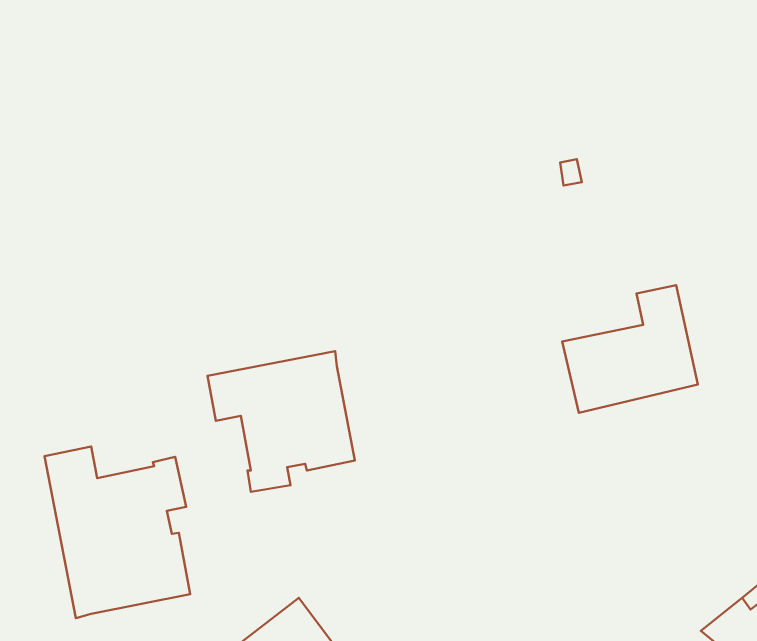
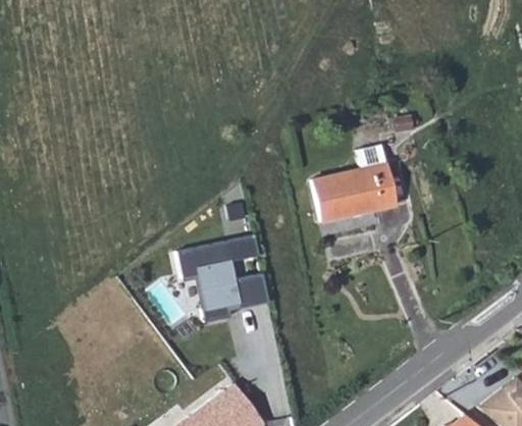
building: [562,285,698,413] -> [312,144,396,222]
building: [44,447,190,618] -> none

